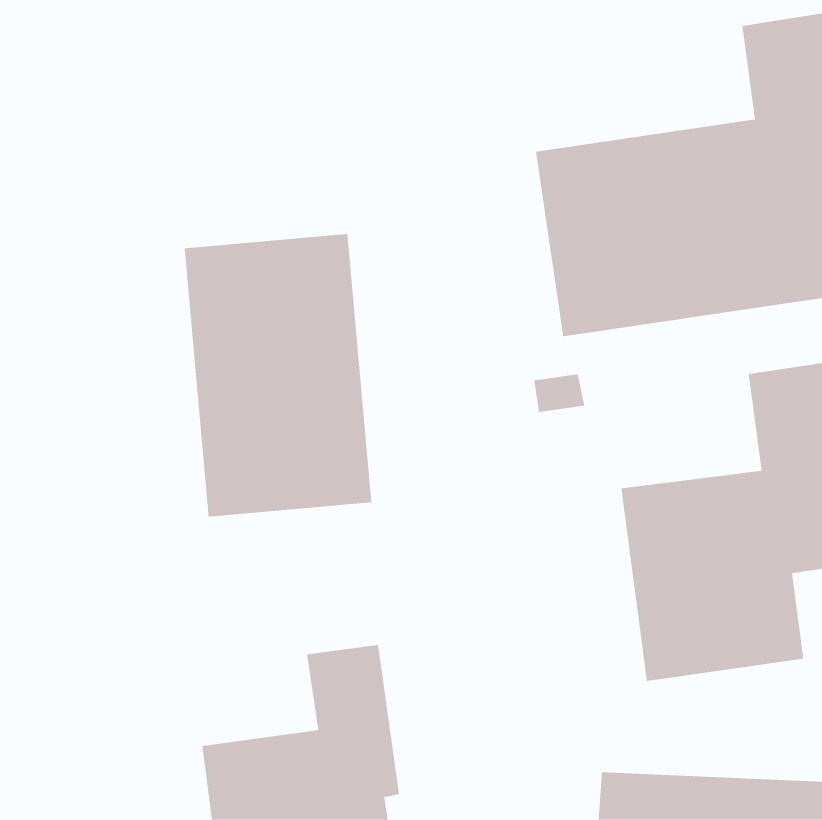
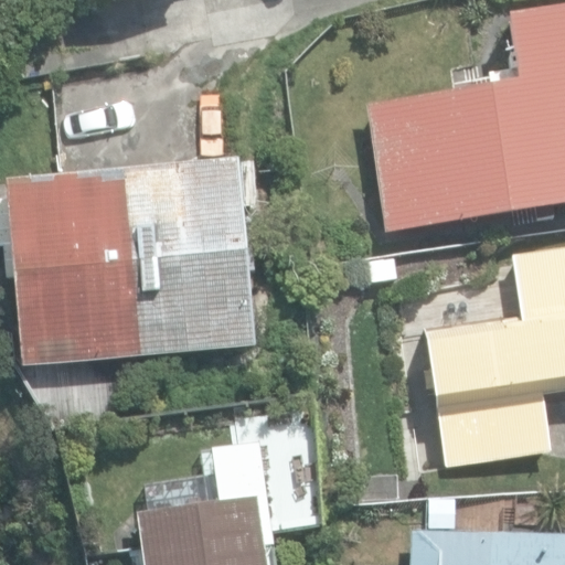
building: none -> [9,170,143,365]

